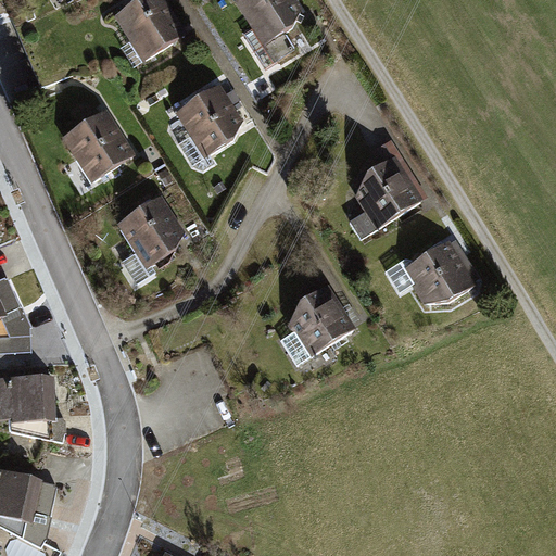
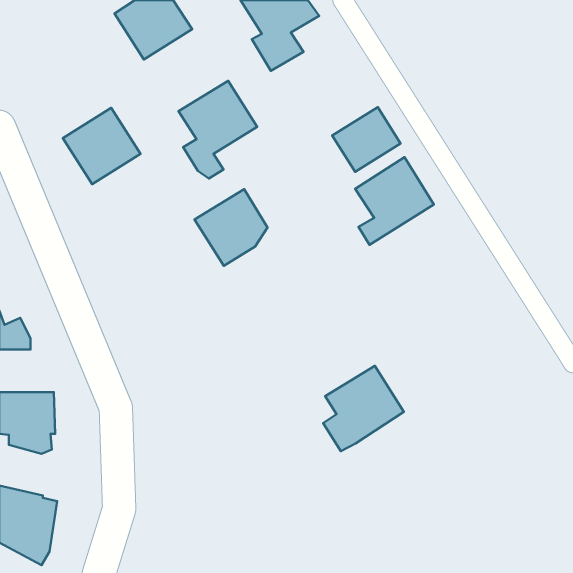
building: none -> [332,107,401,172]
building: [115,192,186,266] -> [195,189,268,266]
building: [384,238,478,300] -> none
building: [278,286,356,368] -> [323,366,404,451]

